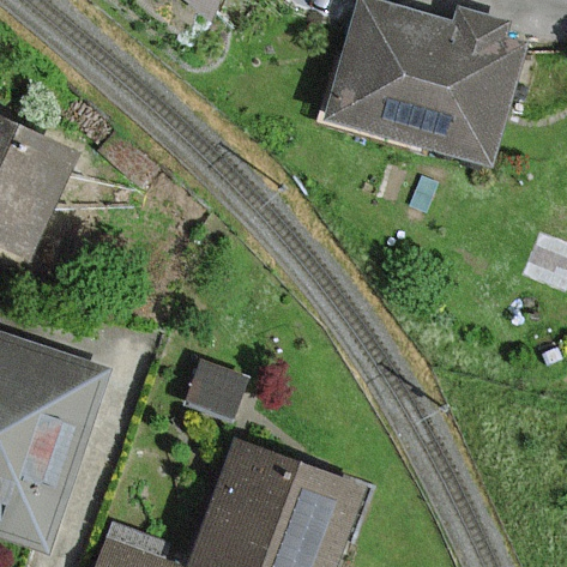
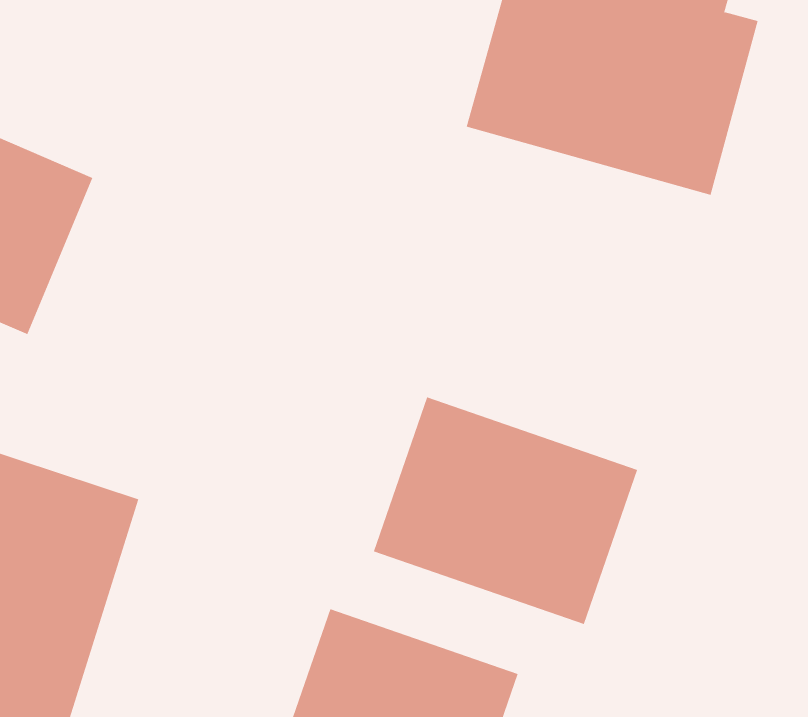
building: none -> [373,397,638,625]

